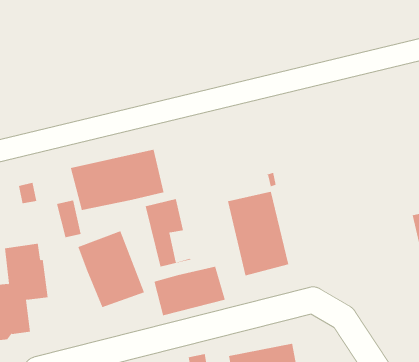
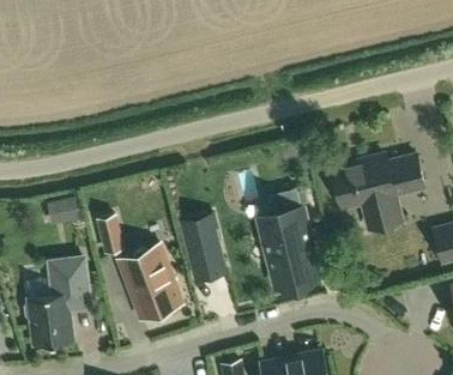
building: none -> [332,156,424,230]
building: [70,149,164,211] -> none
building: [154,266,225,316] -> none

